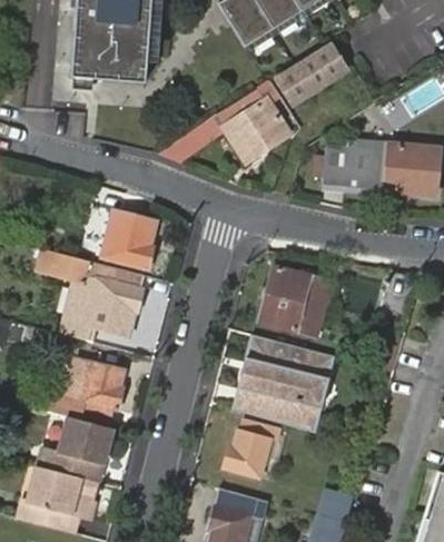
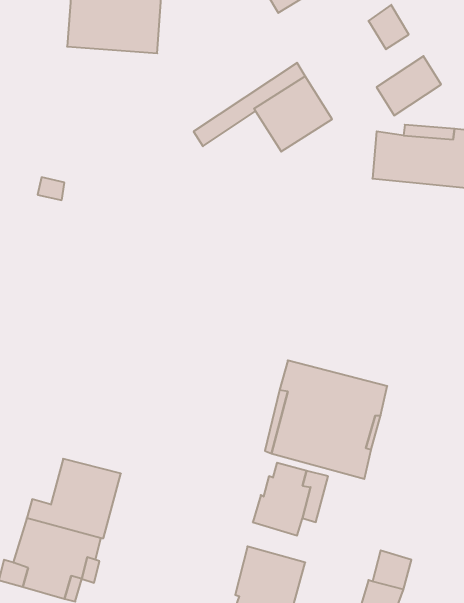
building: [280,53,334,102] -> [377,56,441,115]
building: [85,188,158,268] -> none
building: [37,248,146,339] -> none
building: [260,266,335,335] -> none
building: [49,357,126,425] -> none

